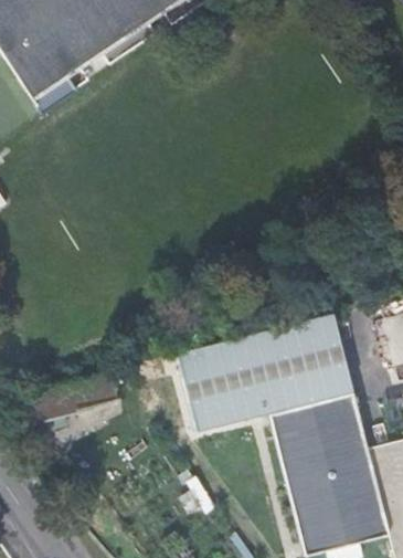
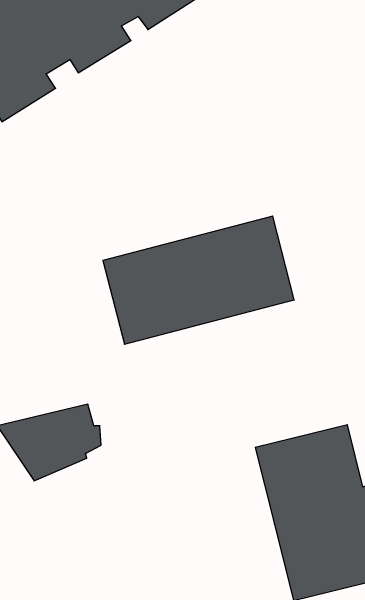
building: [180,312,357,430] -> [103,216,294,344]

